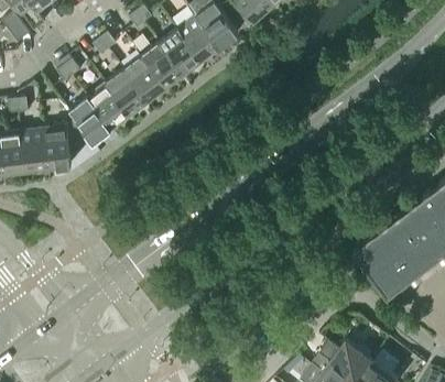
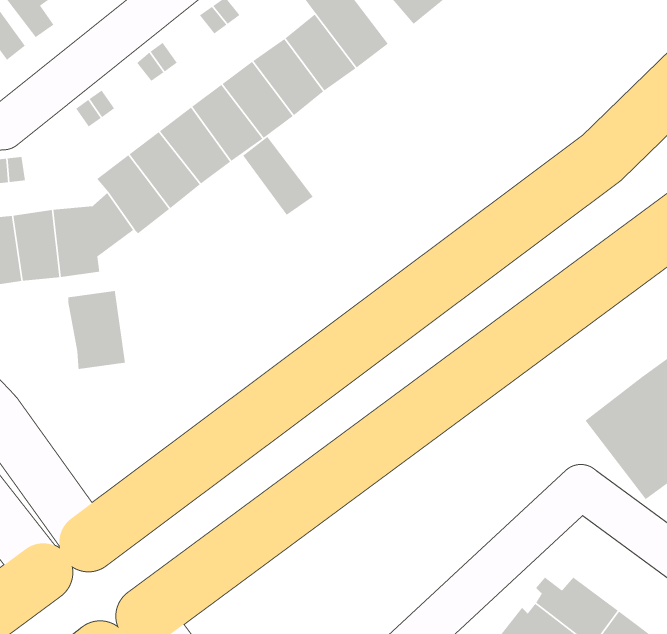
building: none -> [242,136,314,216]
building: none -> [68,290,126,370]

